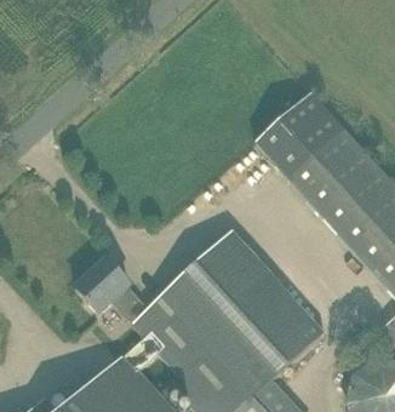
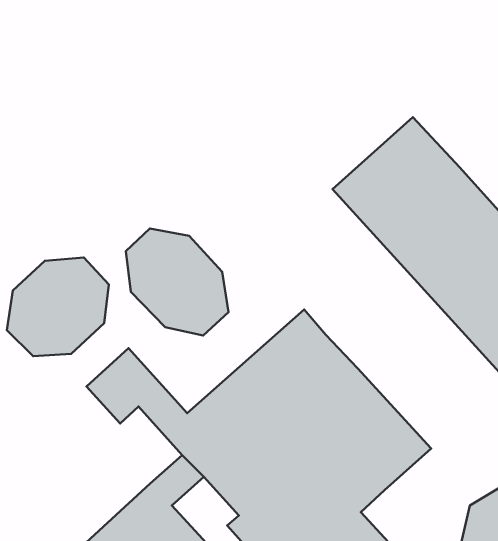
building: none -> [126,228,228,335]
building: none -> [7,258,109,356]

